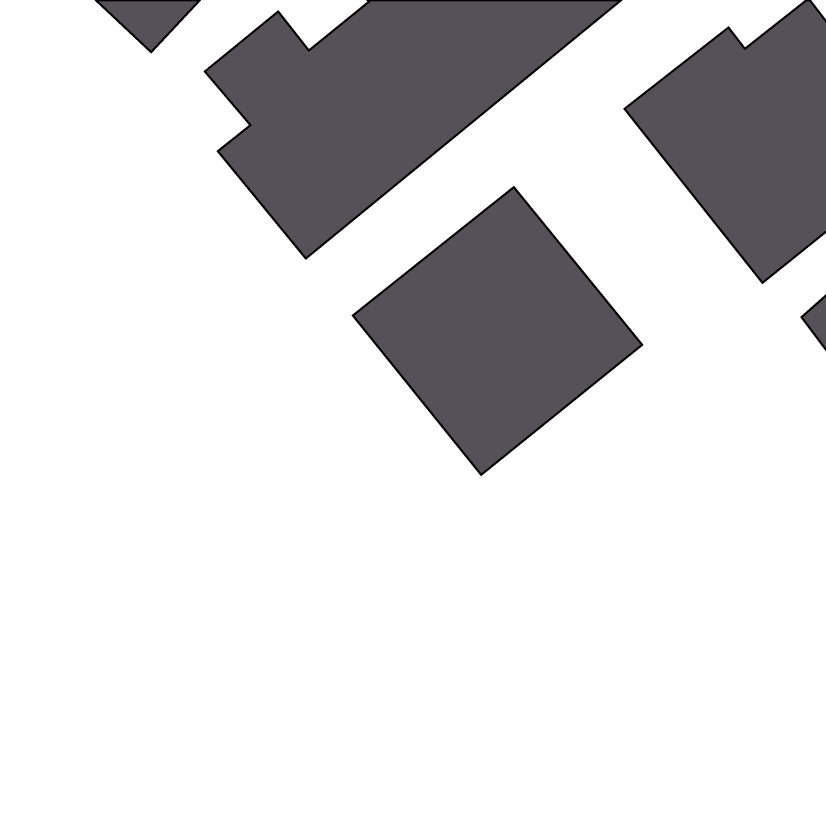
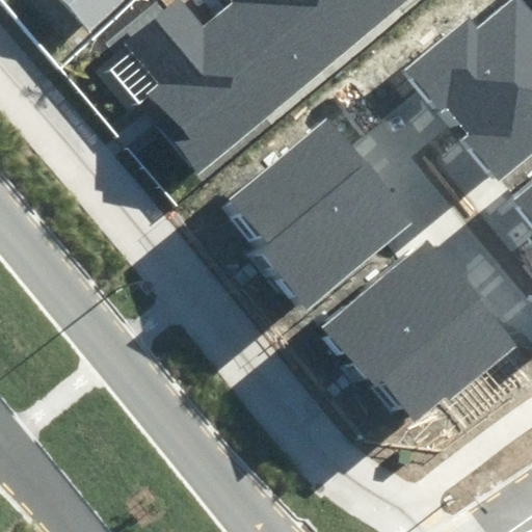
building: none -> [329,243,514,427]

